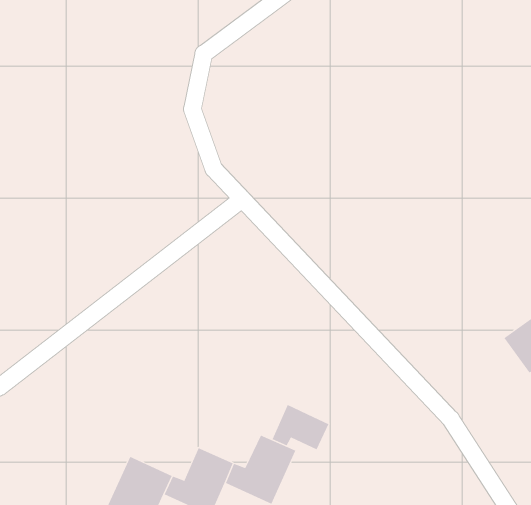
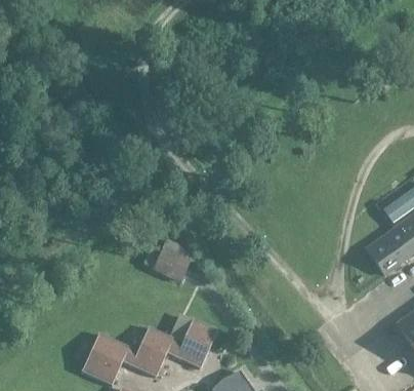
building: none -> [153,249,188,280]
building: [272,404,329,450] -> none

